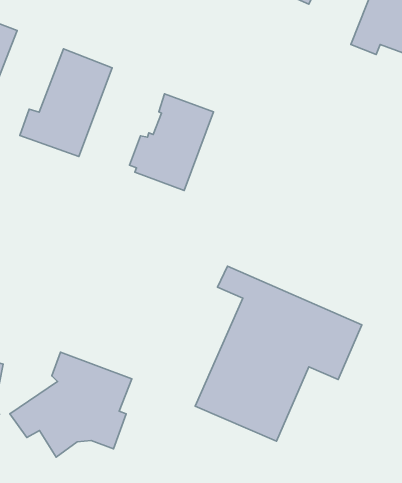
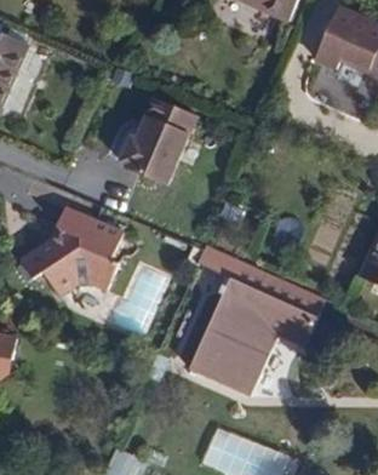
building: [20,49,112,156] -> none
building: [10,352,132,457] -> [23,207,128,298]

